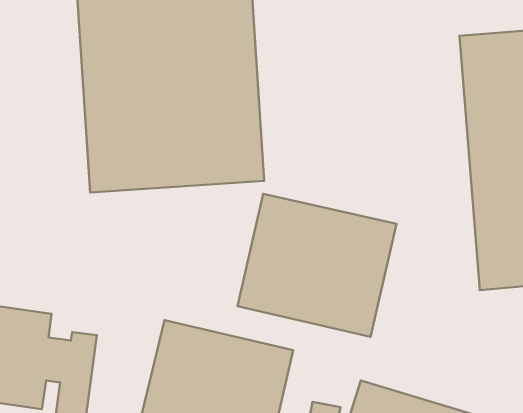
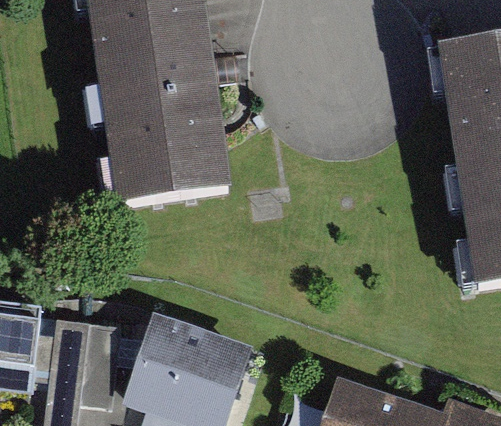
building: [238,194,397,337] -> none

